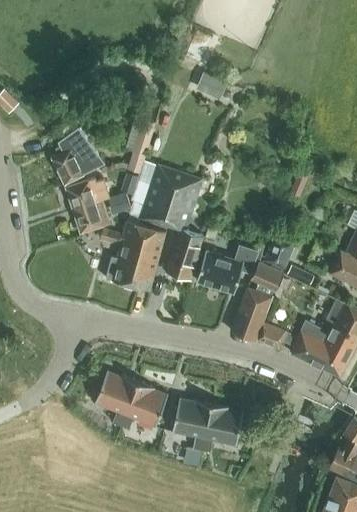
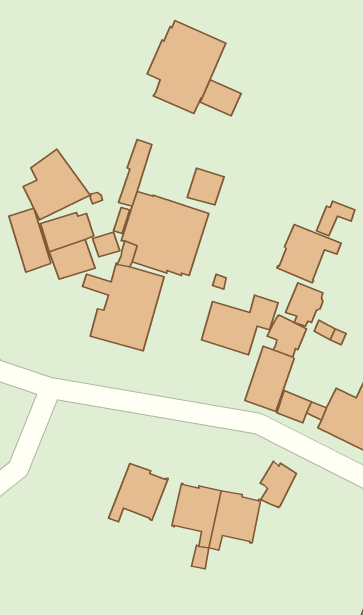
building: none -> [147,21,226,113]
building: none -> [187,168,224,205]
building: none -> [9,208,51,272]
building: none -> [277,224,341,283]
building: [166,228,203,280] -> none
building: [94,370,138,426] -> none
building: none -> [260,461,296,508]

